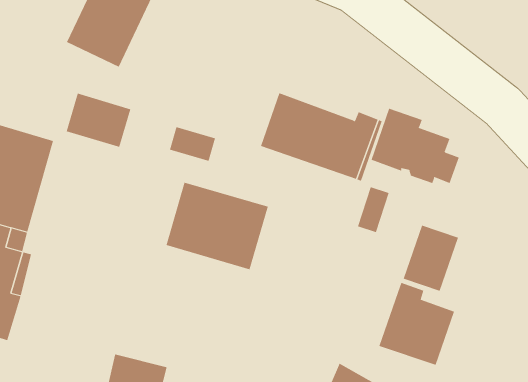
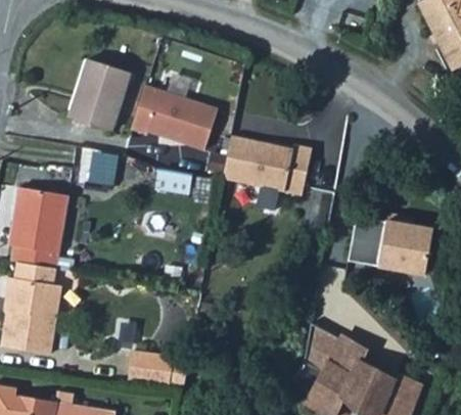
building: none -> [131,84,218,148]
building: [371,108,459,184] -> none
building: [166,182,268,270] -> none
building: [378,282,455,365] -> [377,220,432,280]

